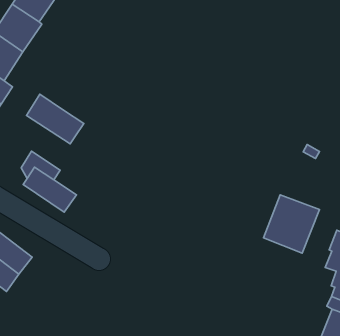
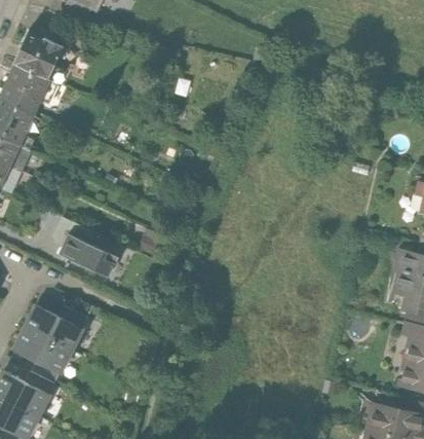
building: [27,94,84,144] -> none
building: [264,195,320,253] -> none

